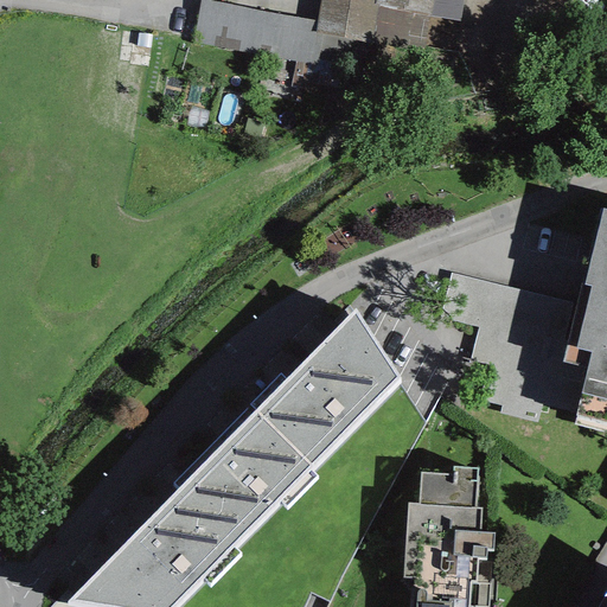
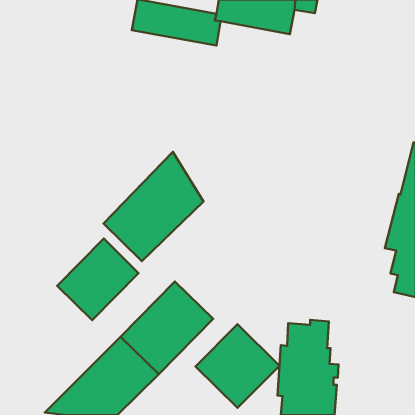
building: [256,306,402,465] -> [104,152,204,261]
building: none -> [57,239,139,320]
building: none -> [196,324,279,408]

